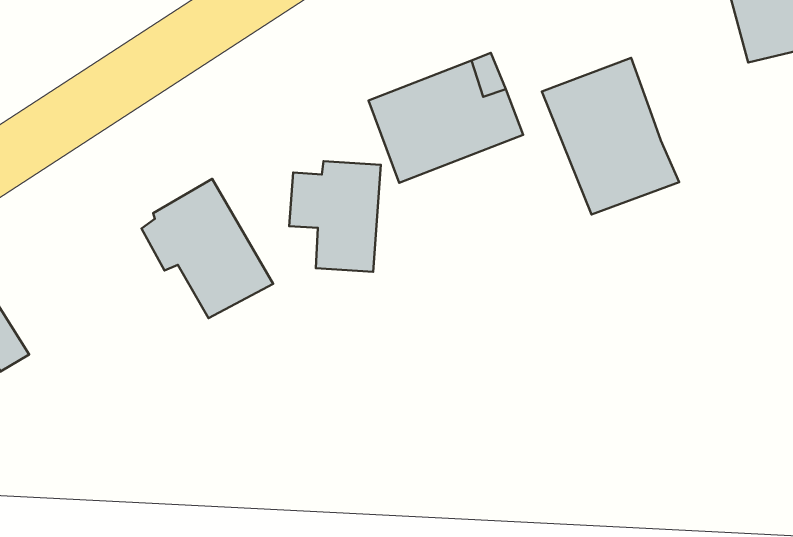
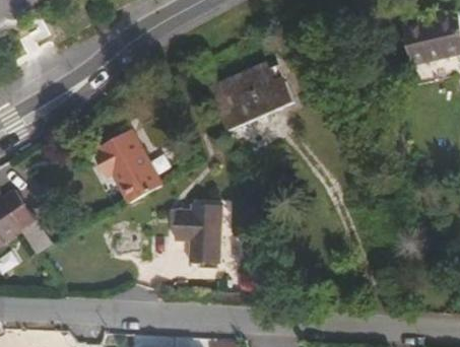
building: [542,58,679,215] -> none
building: [289,161,381,272] -> [169,201,217,260]

